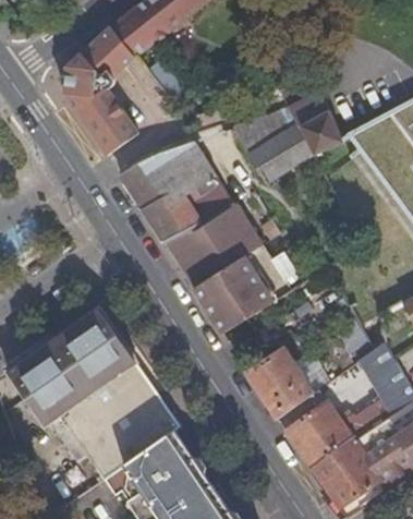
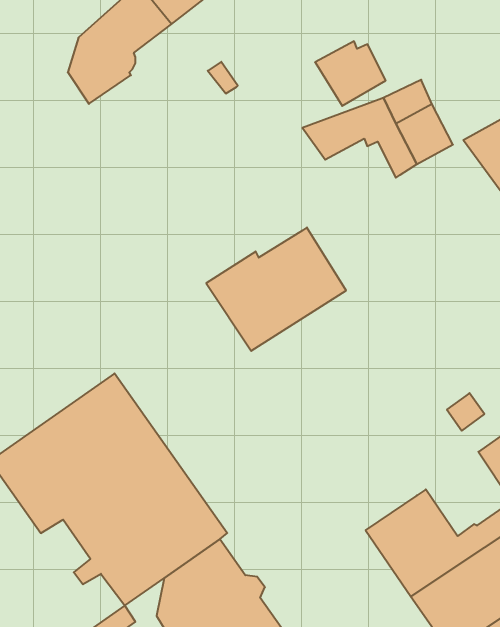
building: [76,90,136,156] -> none
building: [247,136,299,183] -> [315,41,386,106]
building: [118,143,231,241] -> none
building: [194,246,291,335] -> none
building: [248,349,314,420] -> none

